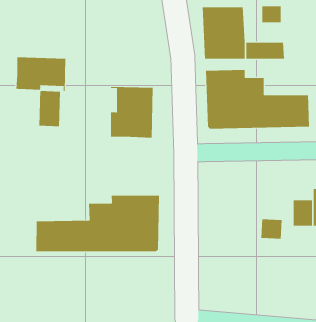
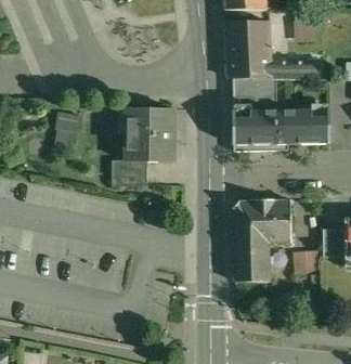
building: [16,57,66,92] -> none
building: none -> [113,158,148,185]
building: none -> [233,197,292,281]
building: [36,195,159,252] -> none

